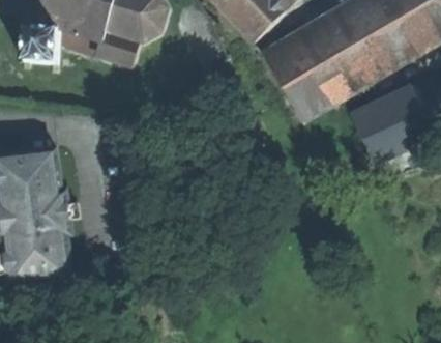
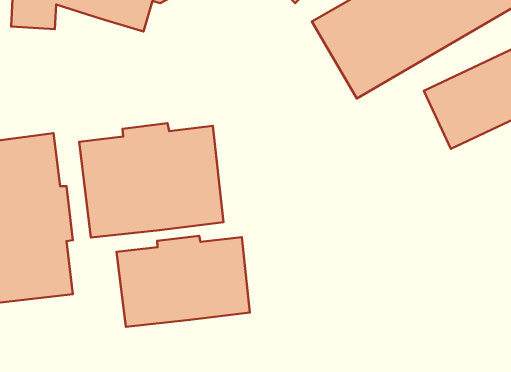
building: none -> [79,123,223,238]
building: none -> [117,236,250,327]

